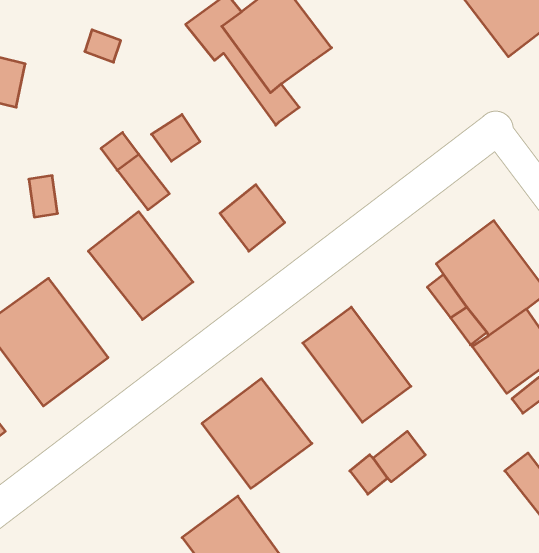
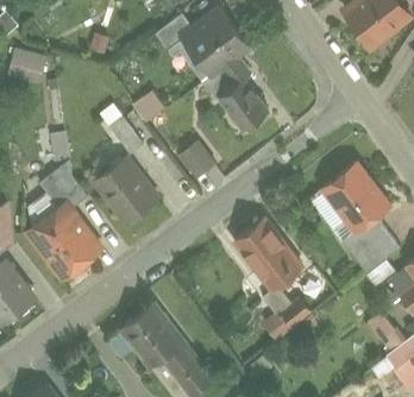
building: none -> [217,55,269,131]
building: none -> [39,164,88,208]
building: [202,379,312,488] -> [117,300,189,372]

